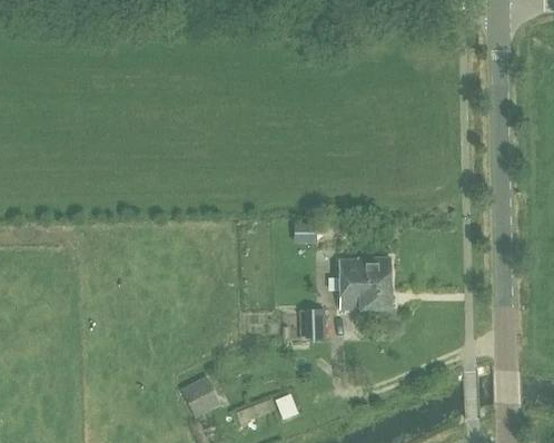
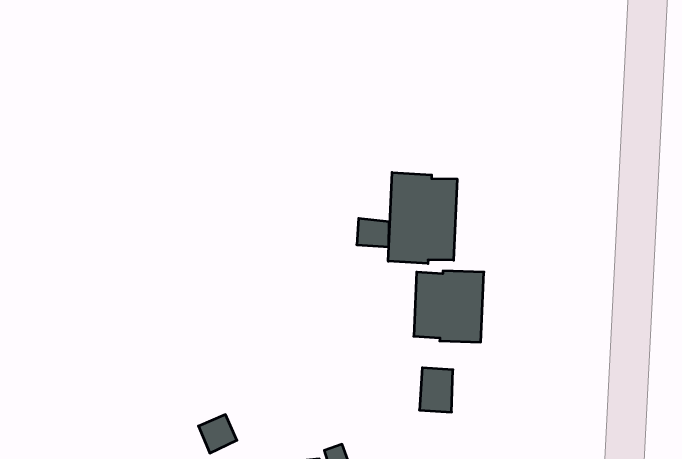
building: none -> [388,172,457,264]
building: [301,307,326,339] -> [419,368,453,412]

